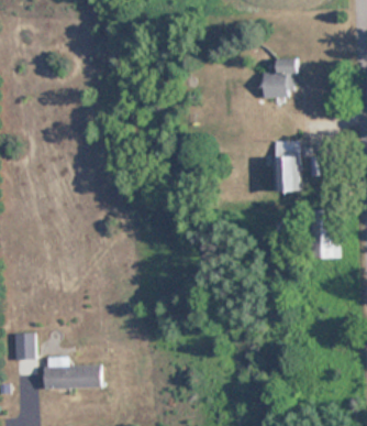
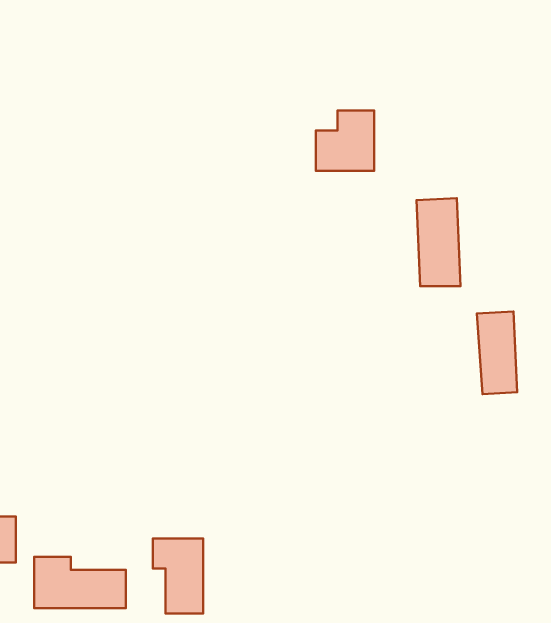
building: [264,61,299,97] -> [316,110,374,171]
building: none -> [153,539,203,613]

